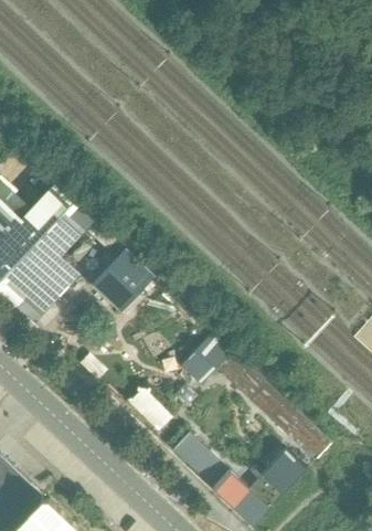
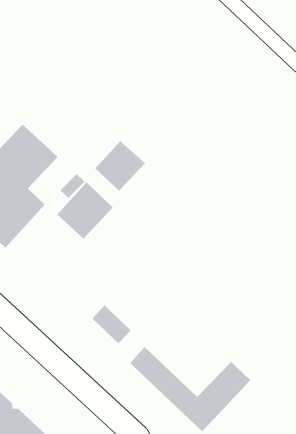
building: none -> [94,140,146,191]
building: [178,332,337,463] -> none

